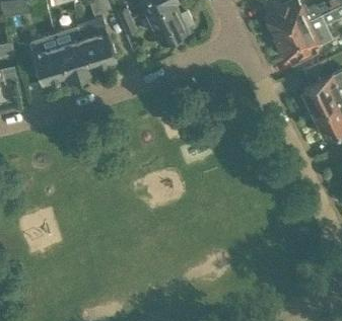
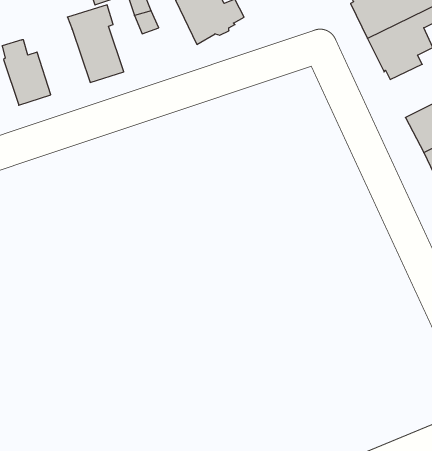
building: [56,27,92,75] -> none

